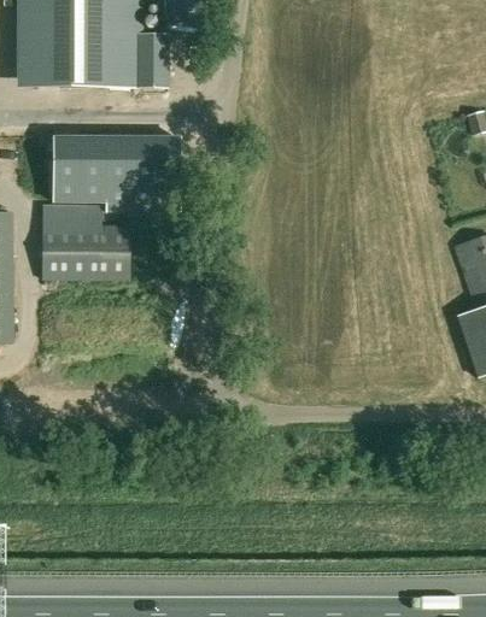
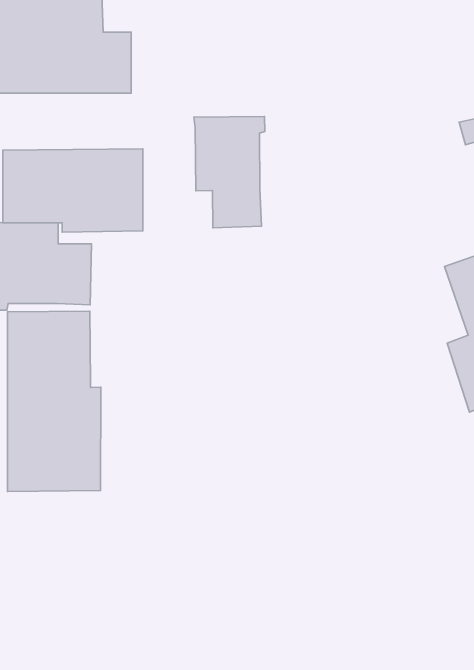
building: none -> [194,117,265,228]
building: none -> [8,311,101,492]

